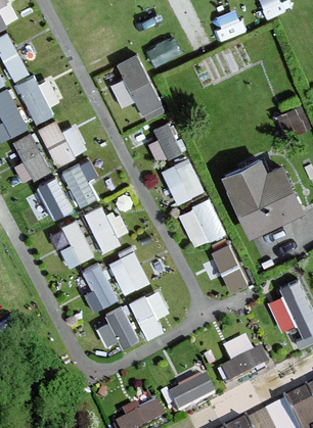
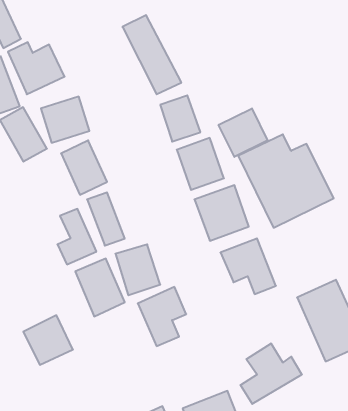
building: none -> [219,108,268,157]
building: [32,182,70,223] -> none
building: [94,307,137,350] -> [23,315,73,365]

